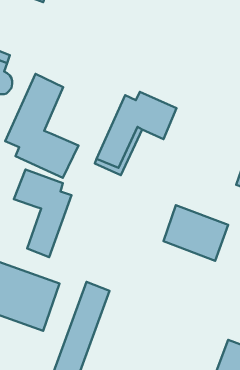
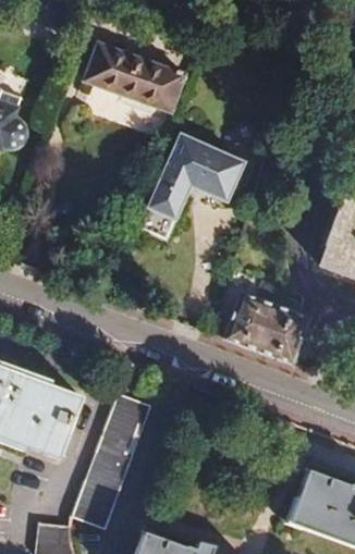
building: none -> [83,40,182,112]
building: [5,74,79,178] -> none
building: [14,170,71,257] -> none

